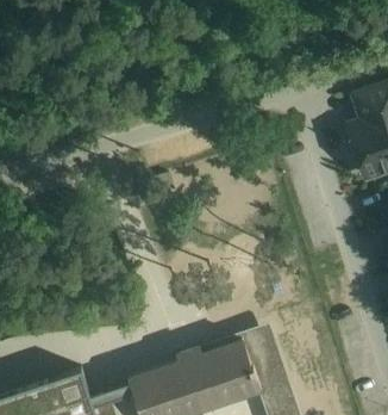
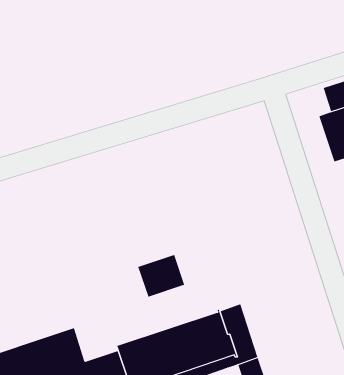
building: none -> [138,254,185,298]

